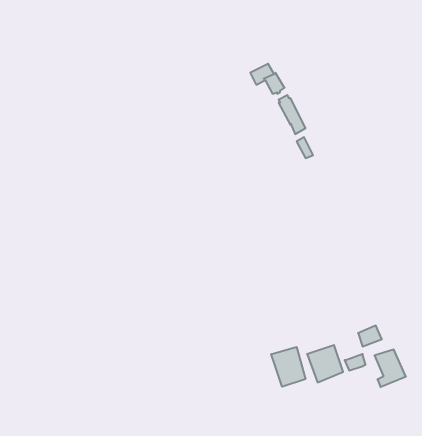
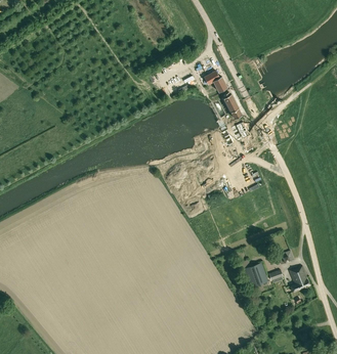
building: [271,347,305,387] -> none

